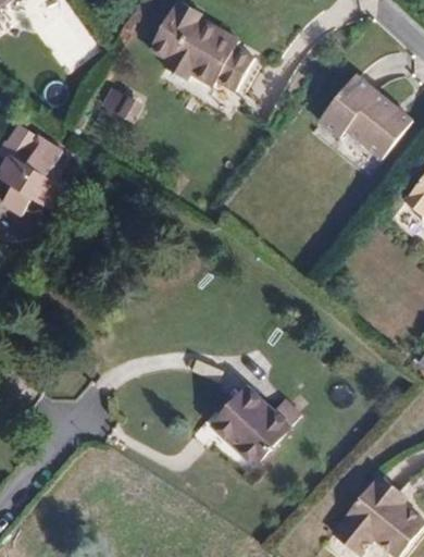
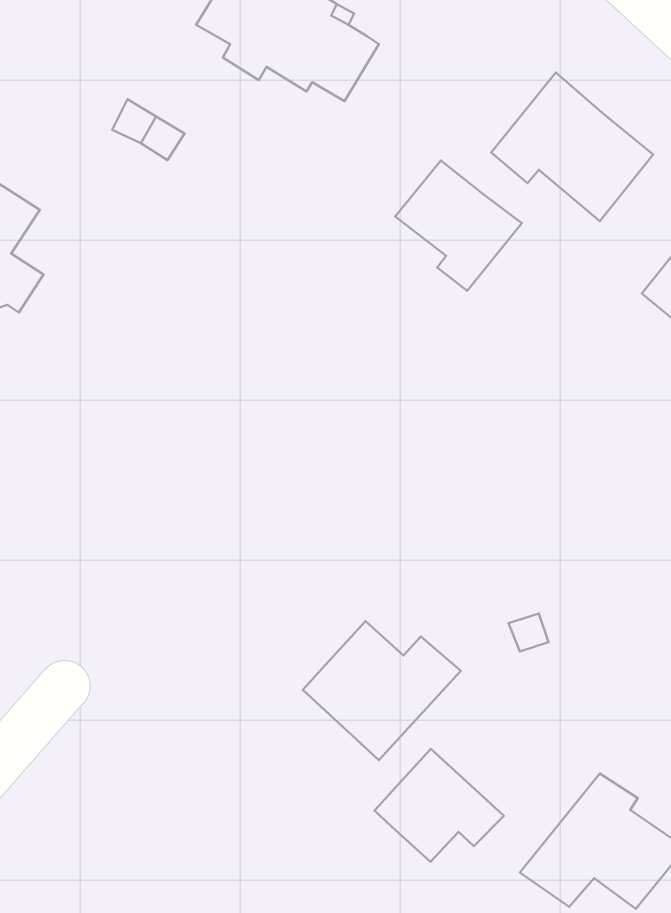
building: none -> [395,160,522,291]
building: none -> [374,749,504,862]

